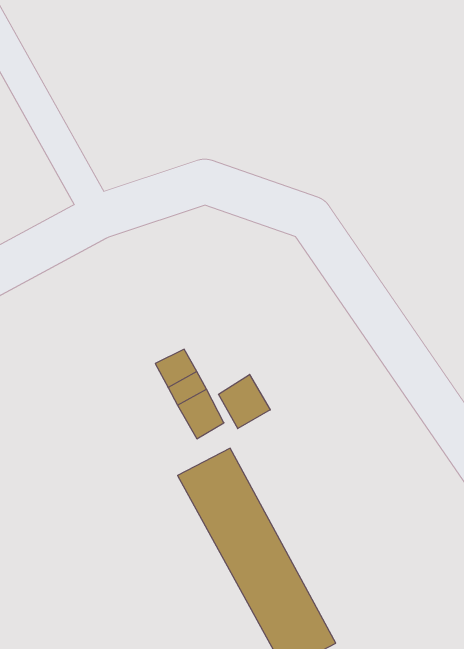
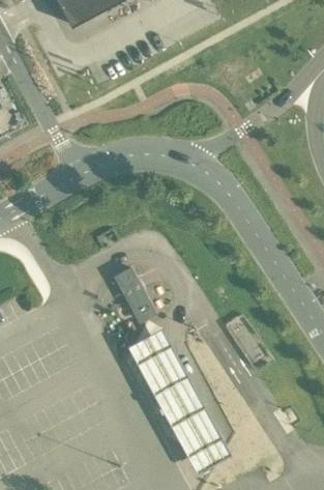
building: [219,374,270,429] -> none

